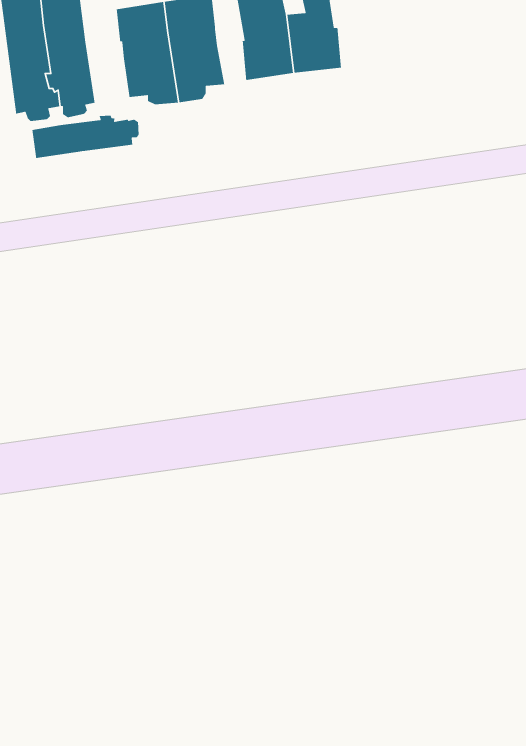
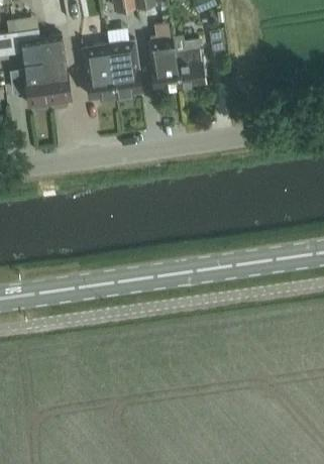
building: [31,115,139,159] -> none

